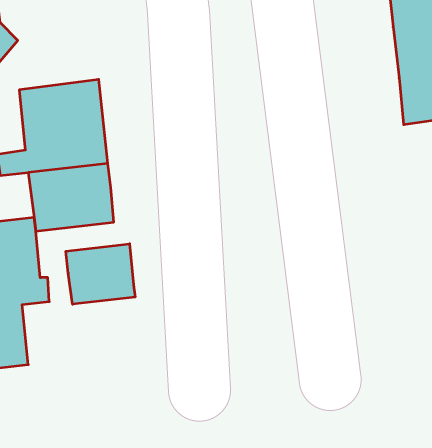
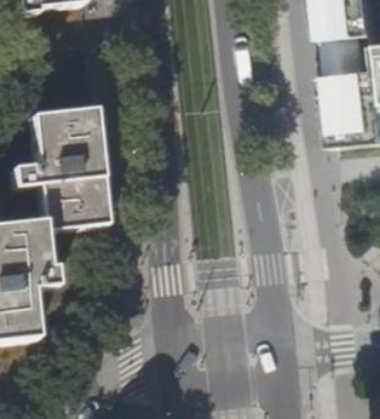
building: [66,244,135,304] -> none

